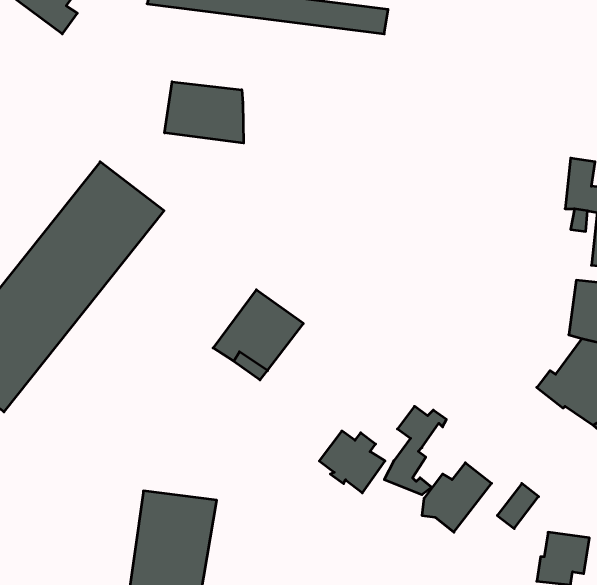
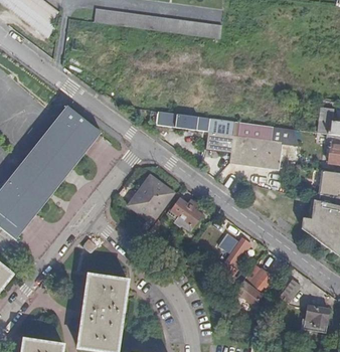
building: [165,82,244,143] -> none
building: none -> [169,111,298,166]
building: [319,431,385,493] -> [169,197,204,230]

